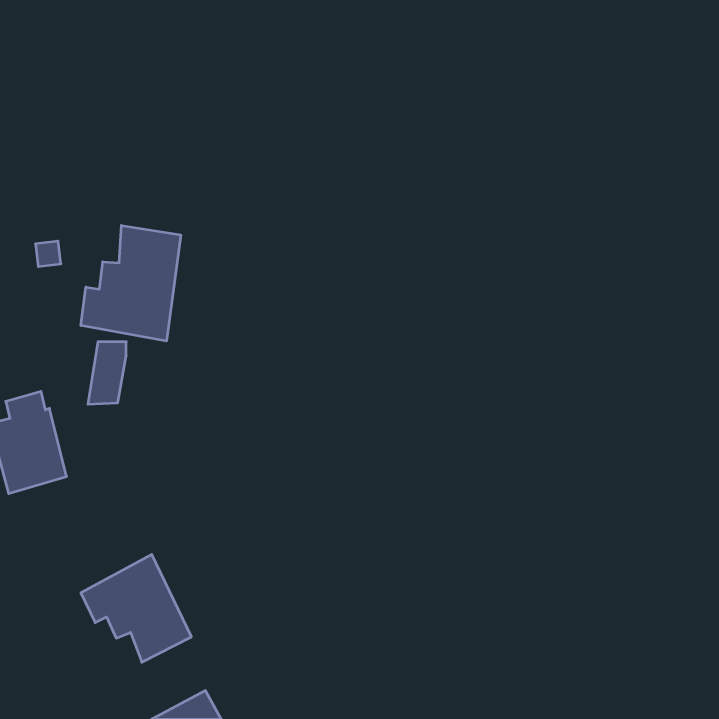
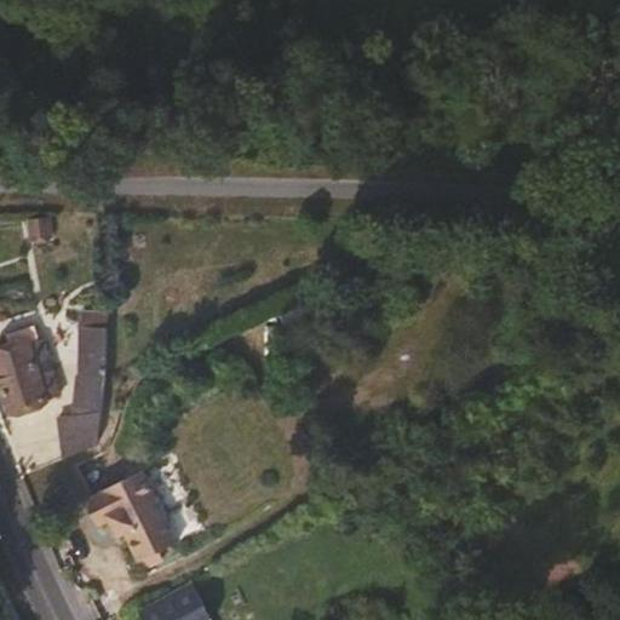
building: [81,225,181,341] -> none
building: none -> [68,344,107,450]

